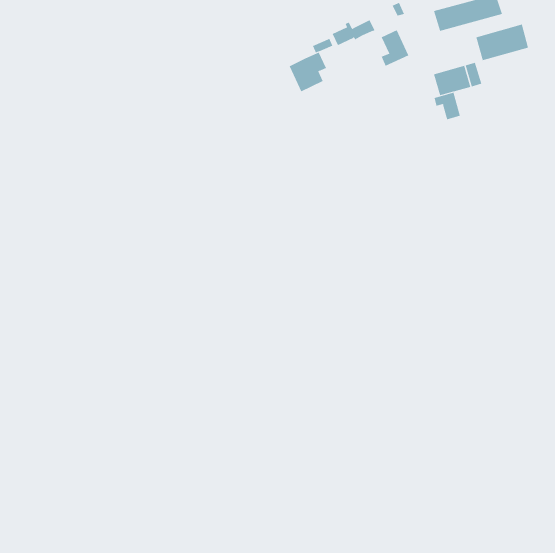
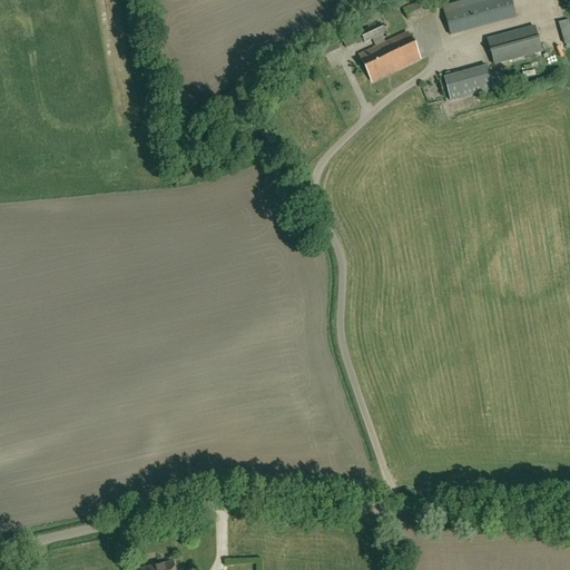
building: [289,52,327,92] -> [358,38,397,79]
building: [434,92,460,120] -> none

